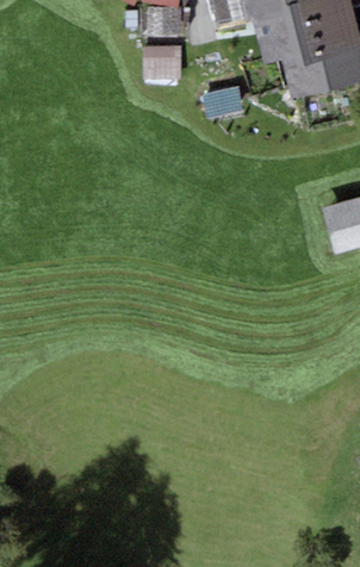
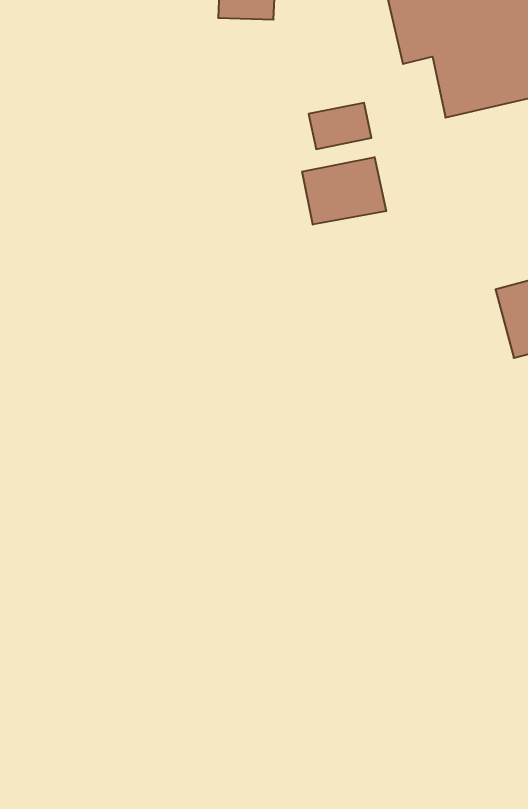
building: [141,45,181,79] -> none
building: none -> [302,157,386,225]

